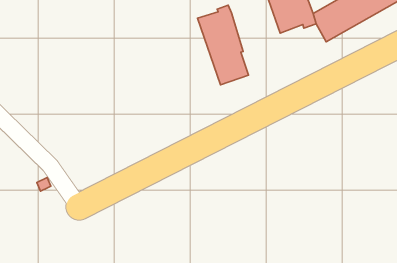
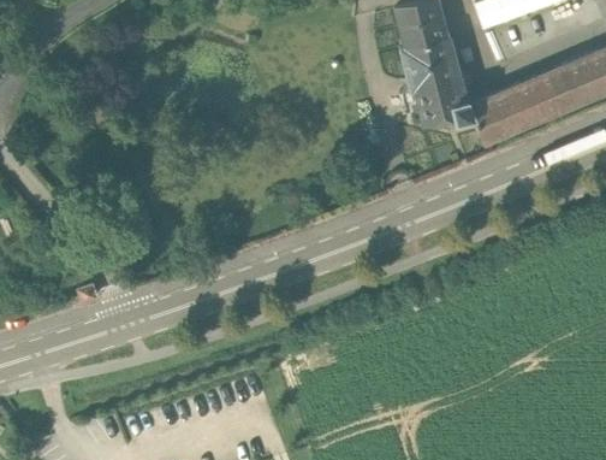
building: [197,5,248,85] -> none

